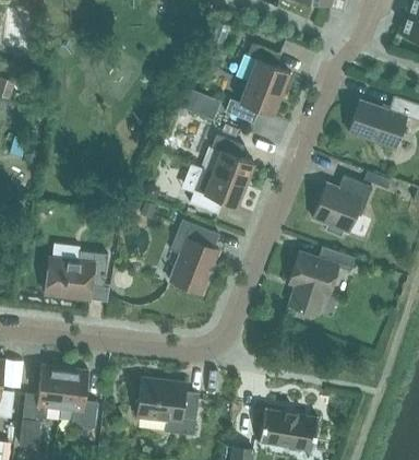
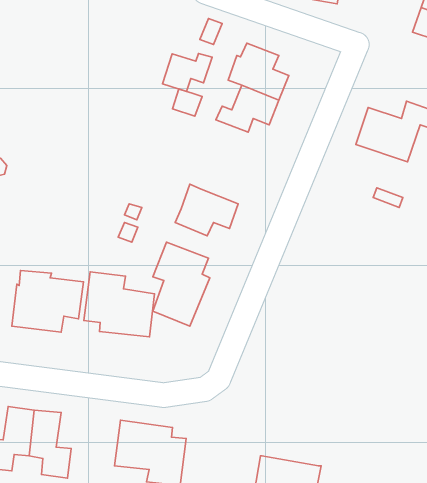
building: none -> [163,53,212,91]
building: [212,134,254,186] -> none
building: [313,176,373,236] -> none
building: none -> [84,272,155,337]
building: [289,247,356,315] -> none

